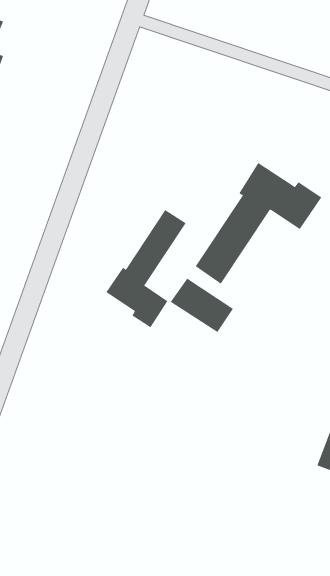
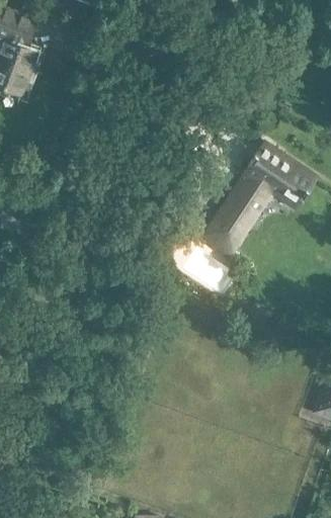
building: [105,209,187,328] -> none

